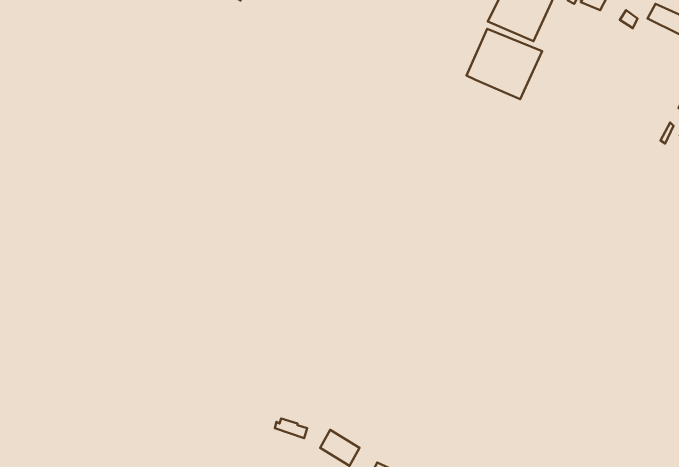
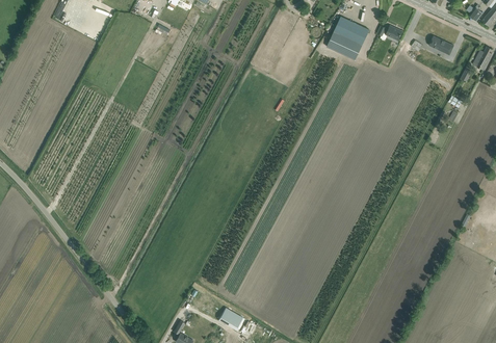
building: [466,29,542,99] -> none

